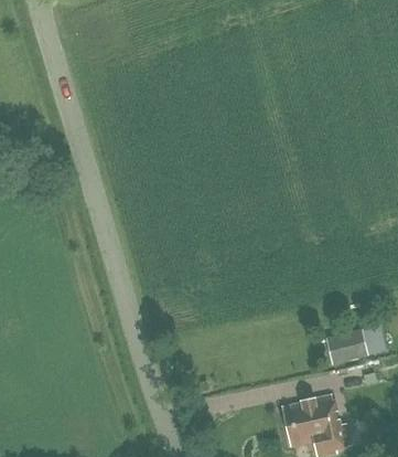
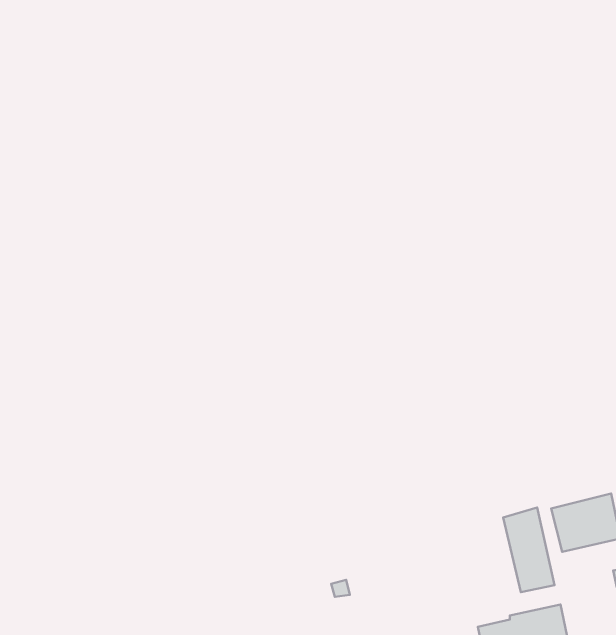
building: none -> [503,507,554,592]

